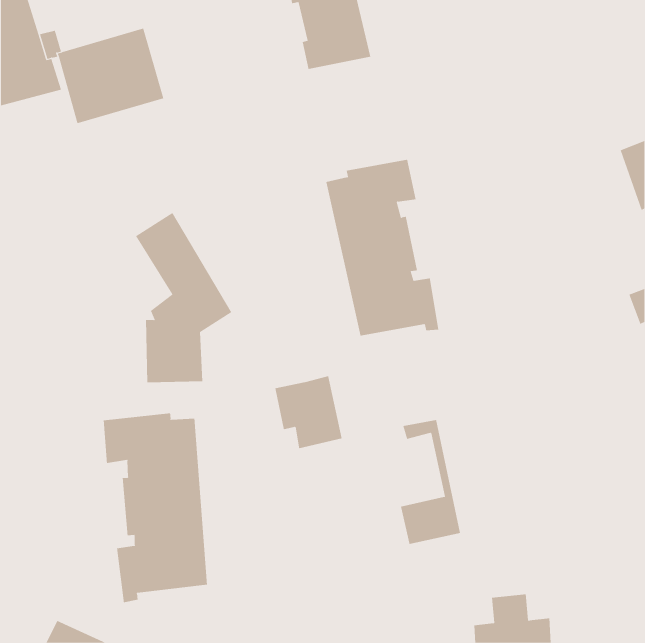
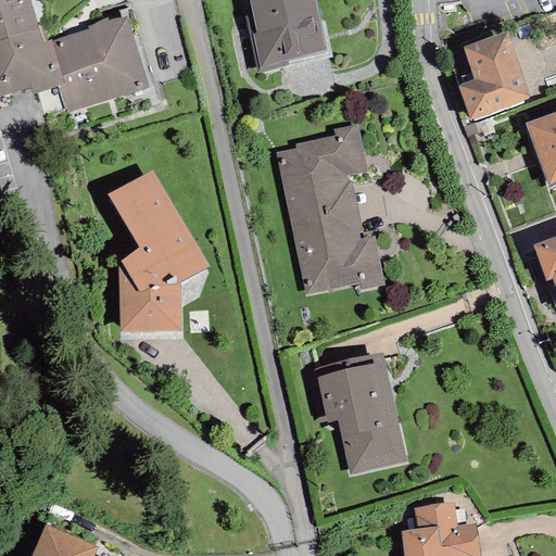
building: none -> [464,42,525,118]
building: [274,375,343,449] -> [324,372,382,435]
building: [103,412,207,603] -> none

